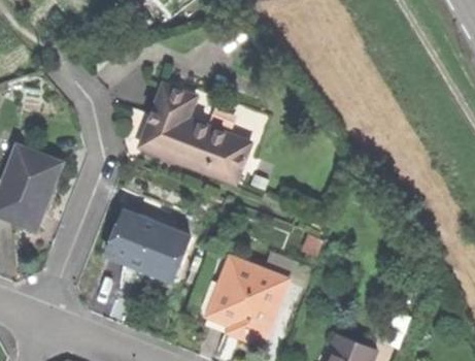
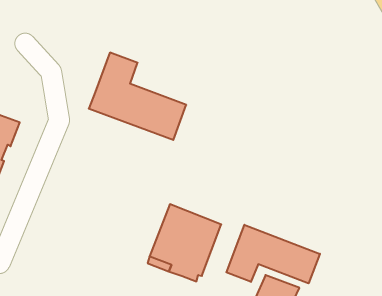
building: [106,211,190,280] -> none
building: none -> [226,225,320,283]

